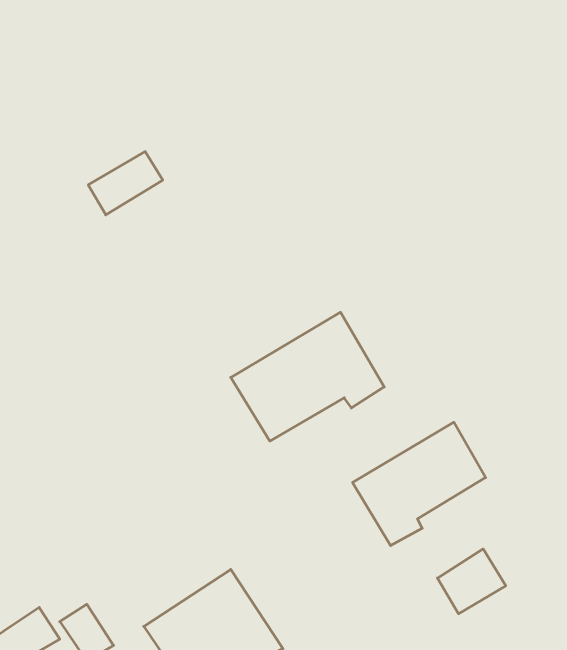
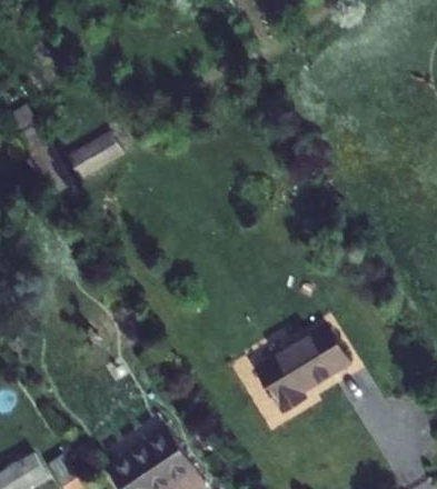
building: [231,312,384,441] -> none
building: [437,549,506,614] -> none

